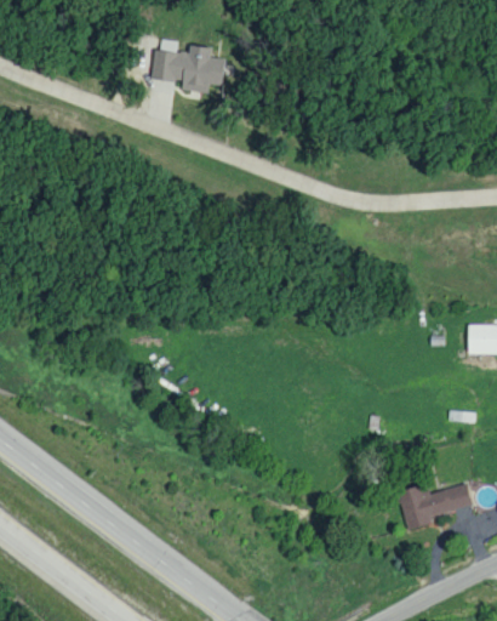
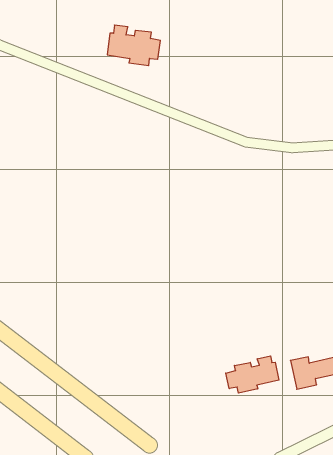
building: none -> [226,356,279,393]

